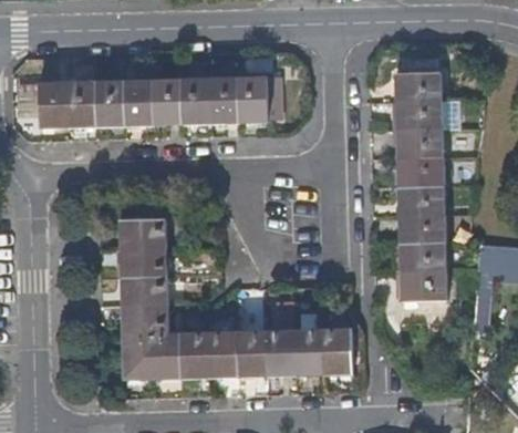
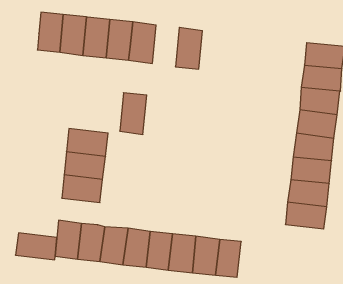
building: [207,76,238,125] -> [120,93,147,134]
building: [37,82,66,130] -> none
building: [122,305,170,333] -> [15,233,57,260]

